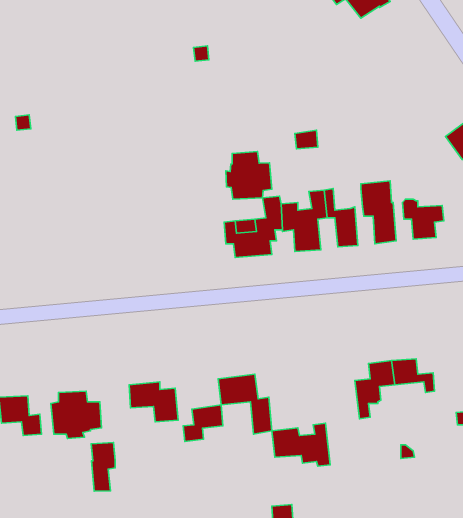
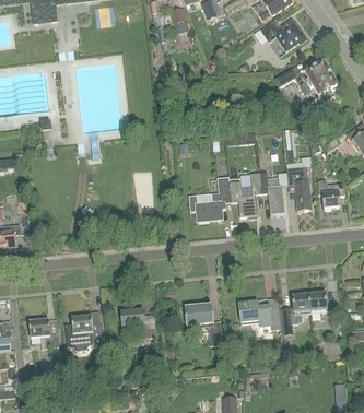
building: none -> [273,63,338,102]
building: [226,151,272,199] -> none
building: [183,405,223,441] -> none
building: [272,423,330,466] -> [238,298,280,329]
building: [91,443,115,491] -> none

